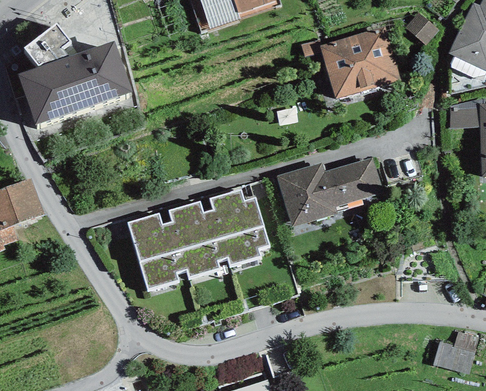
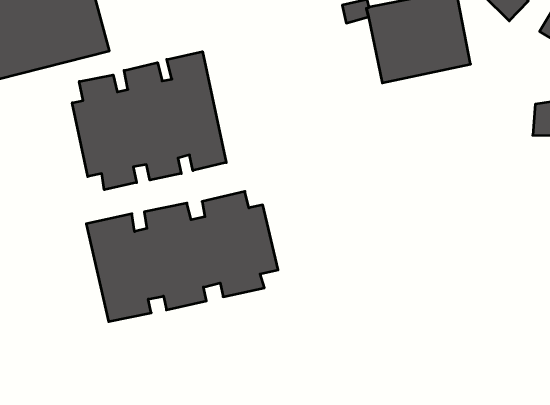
building: none -> [72,52,226,190]
building: [277,156,384,226] -> none

